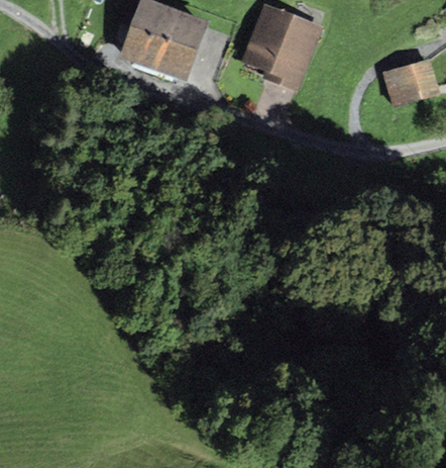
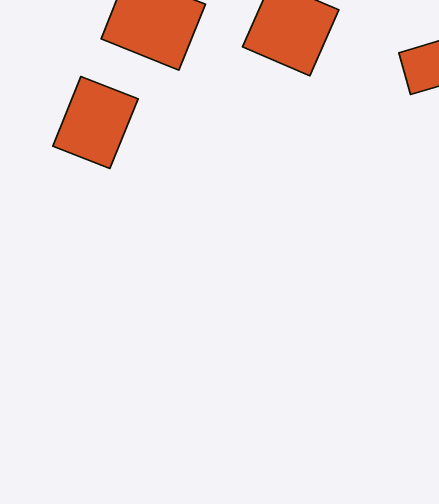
building: none -> [53,76,138,169]

